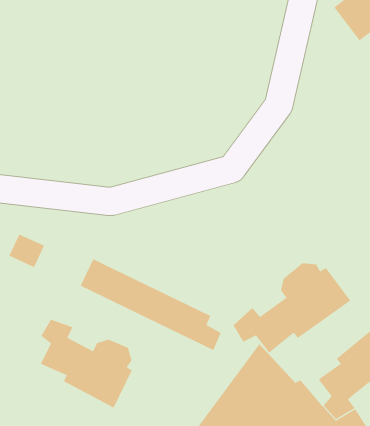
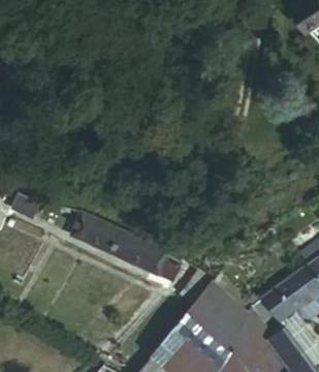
building: [233,262,351,354] -> none
building: [40,319,133,409] -> none

